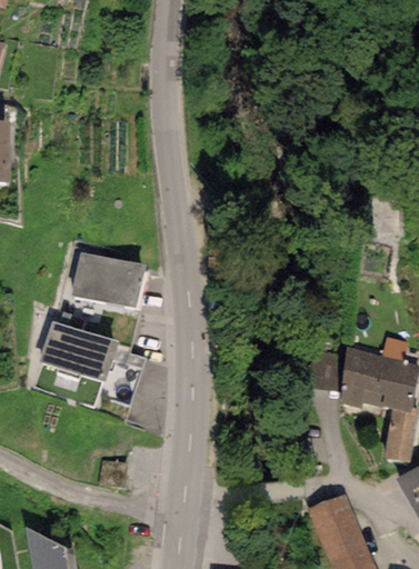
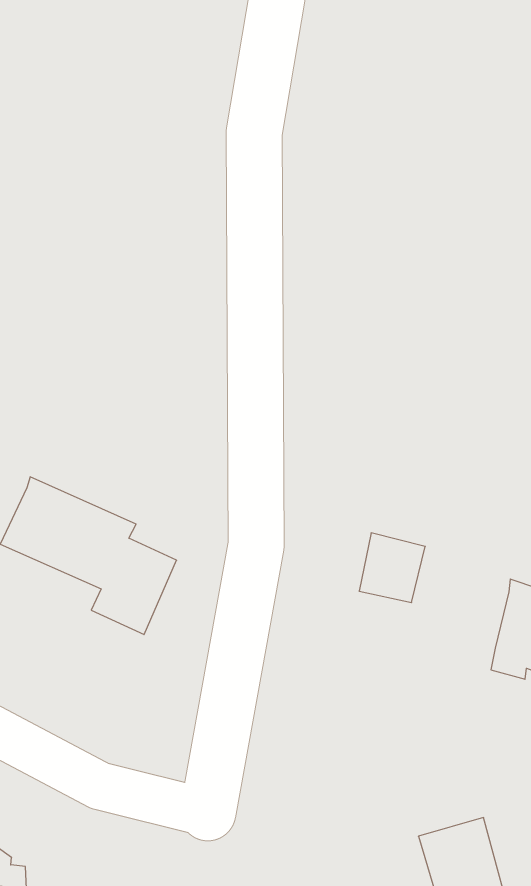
building: [70,251,143,307] -> none
building: [309,351,346,390] -> [359,533,425,603]

